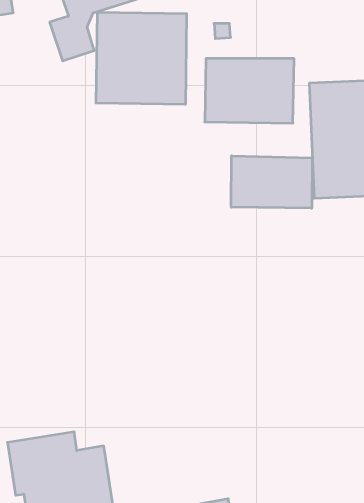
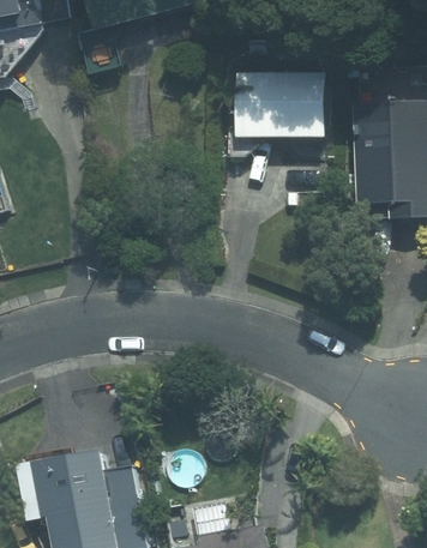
building: [96,12,187,104] -> none
building: [231,156,312,208] -> none

